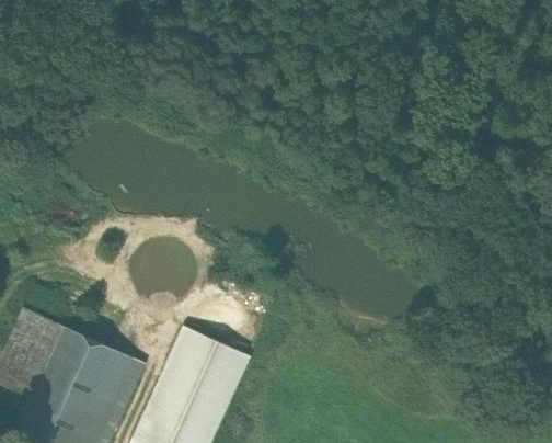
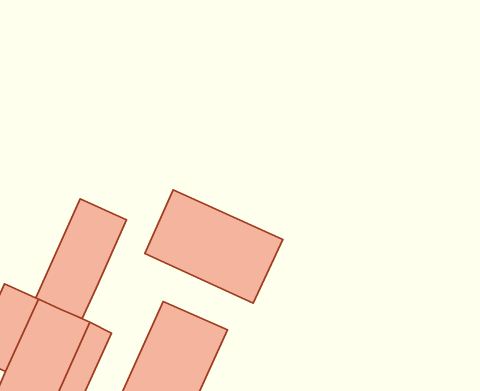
building: none -> [145,190,283,303]
building: none -> [36,199,126,319]

